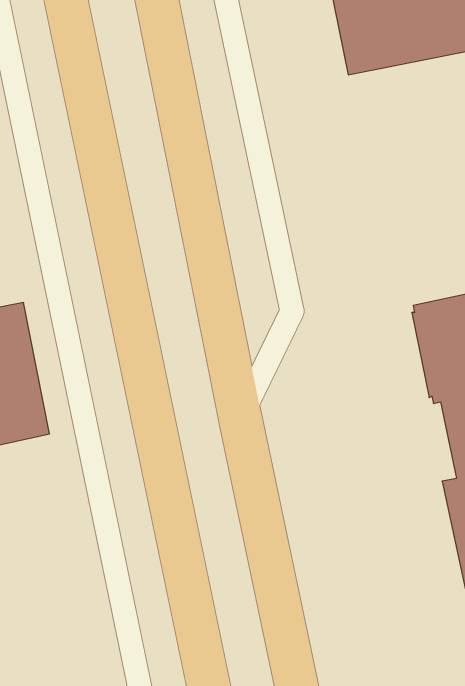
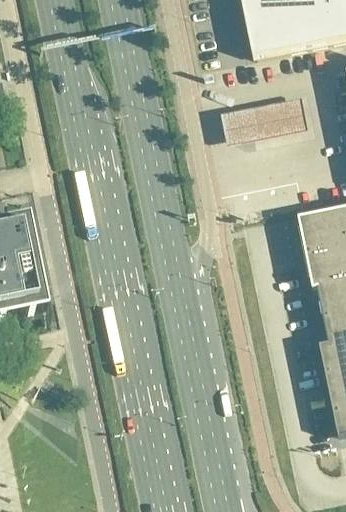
building: none -> [219,92,307,141]

